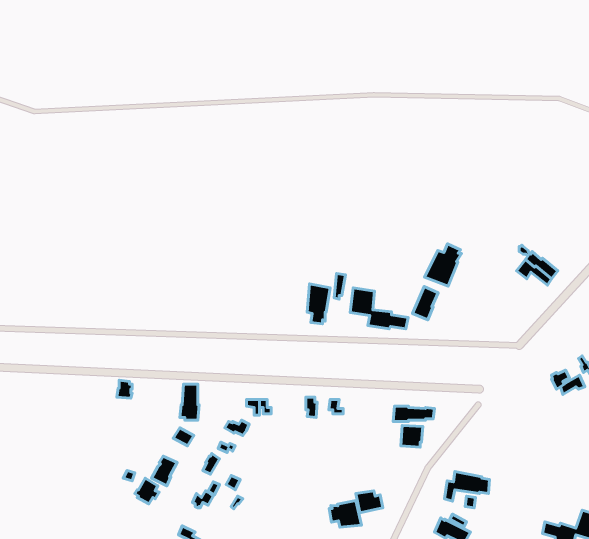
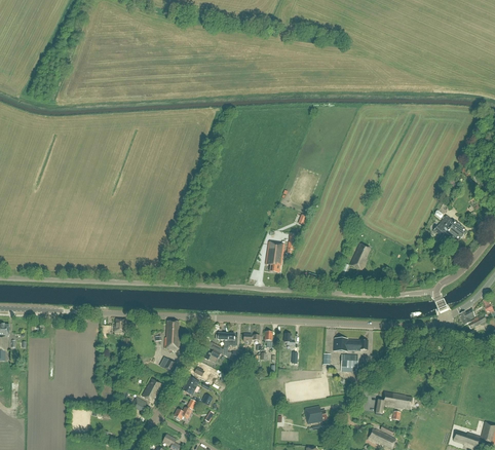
building: [424,244,462,286] -> none
building: [350,288,408,329] -> none
building: [329,500,361,527] -> none

